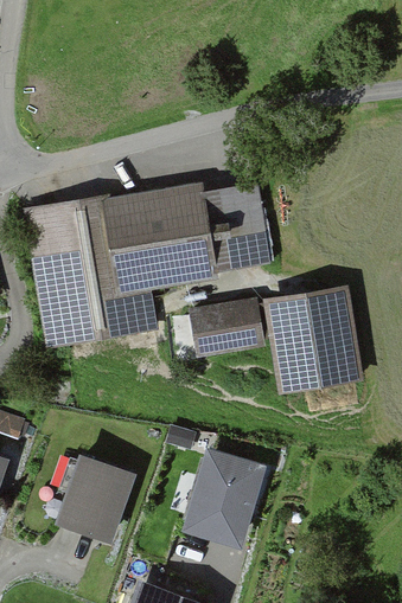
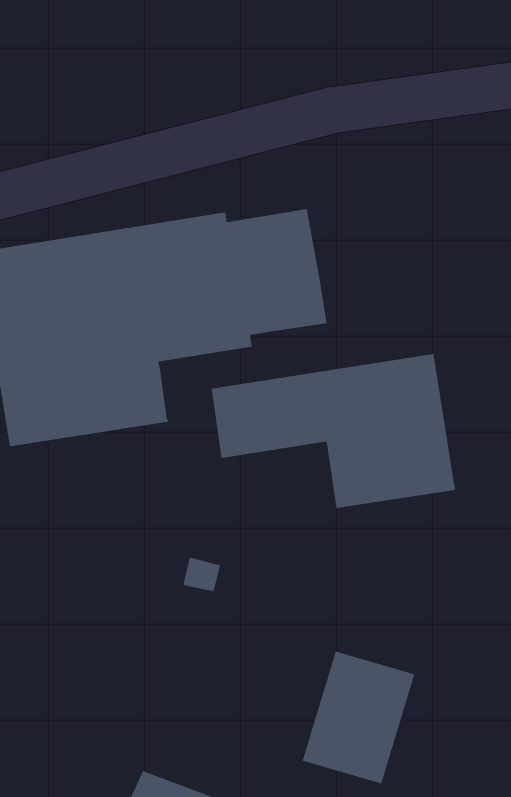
building: [180,449,261,544] -> [302,651,415,784]
building: [53,454,129,538] -> none

